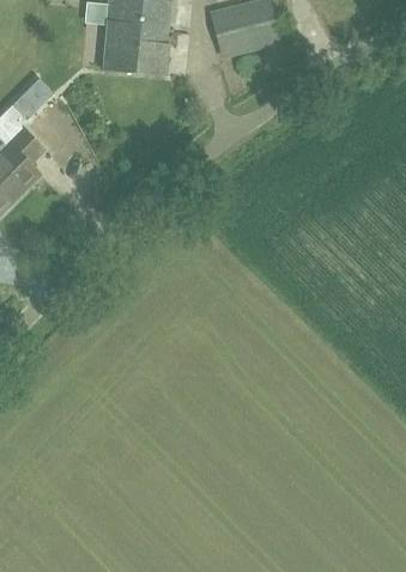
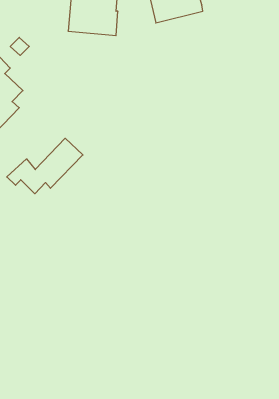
building: none -> [7,138,83,194]

